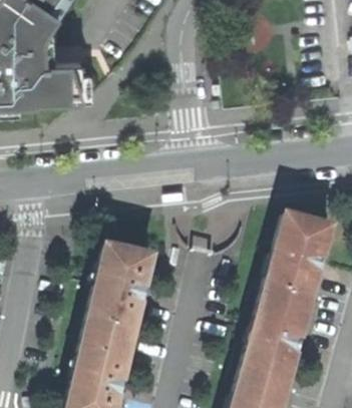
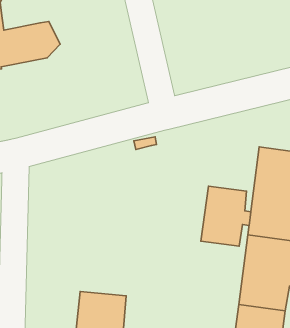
building: none -> [201,186,251,246]
building: [86,247,152,344] -> none

